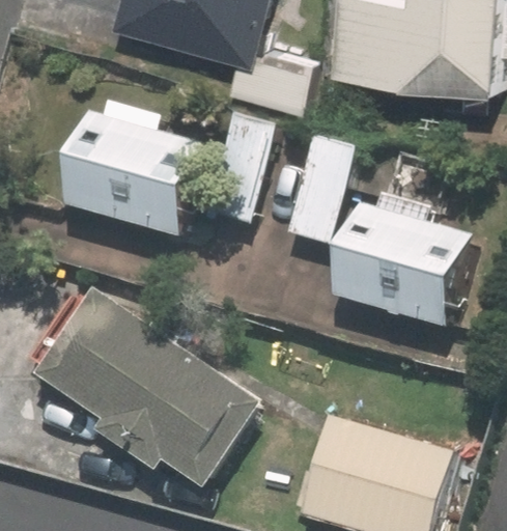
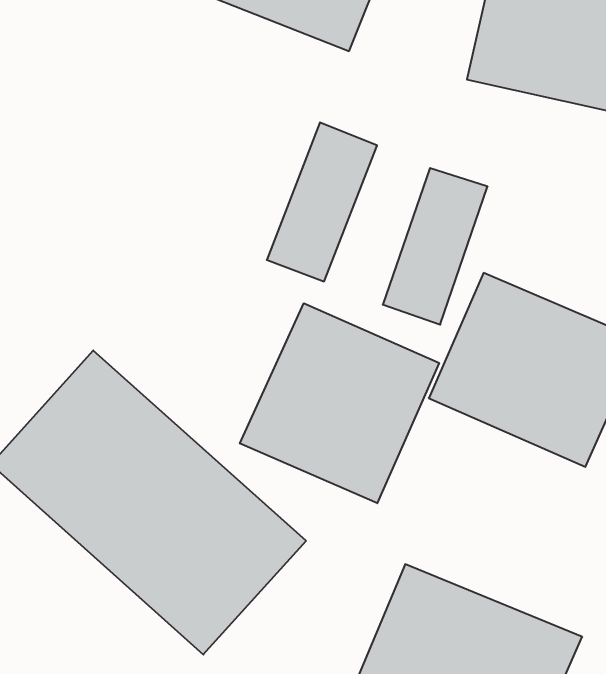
building: [62,112,204,237] -> none
building: none -> [240,303,439,503]

